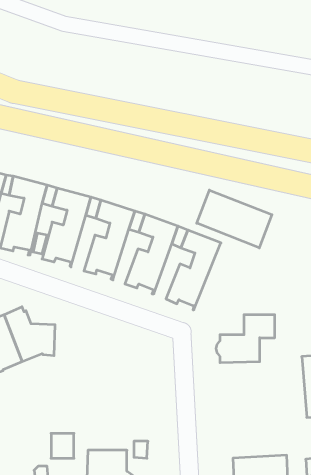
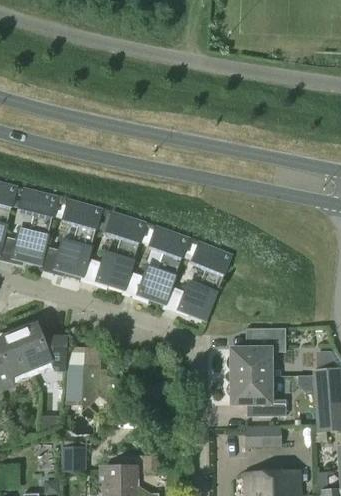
building: [197,190,272,248] -> none
building: none -> [64,346,103,406]
building: none -> [226,375,285,416]
building: none -> [246,427,279,445]

